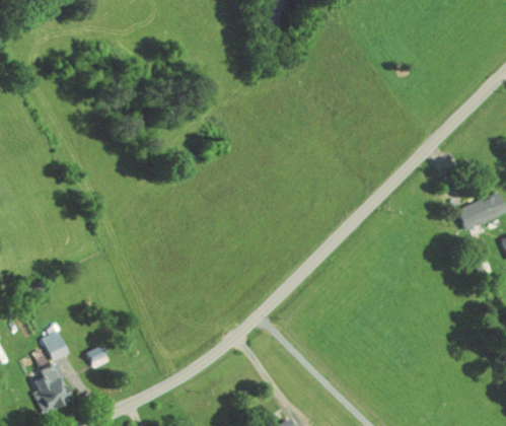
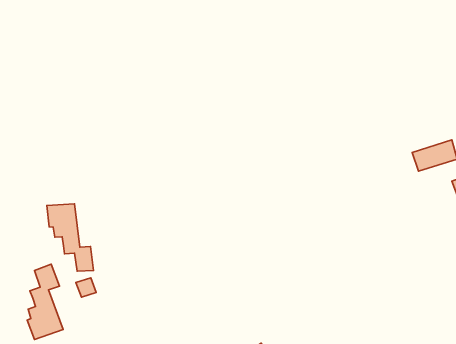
building: none -> [47,204,93,271]

